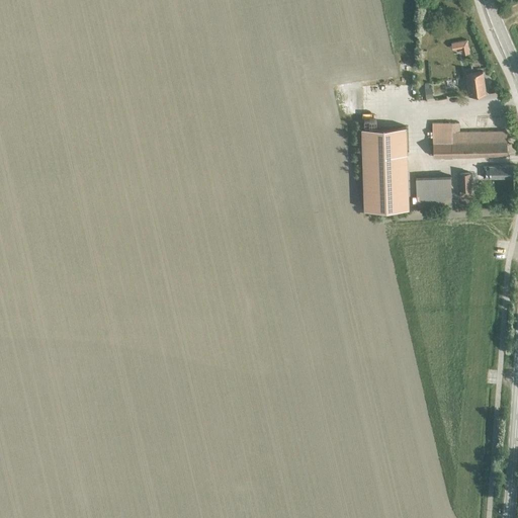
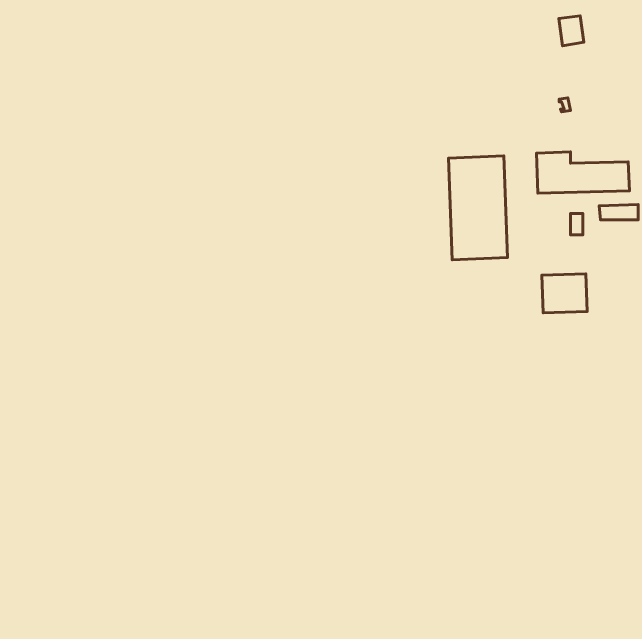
building: [465,73,486,97] -> [559,16,584,46]
building: [417,178,453,209] -> [542,274,587,313]

